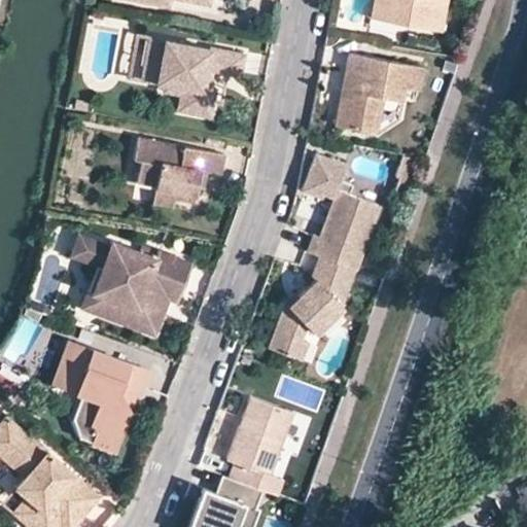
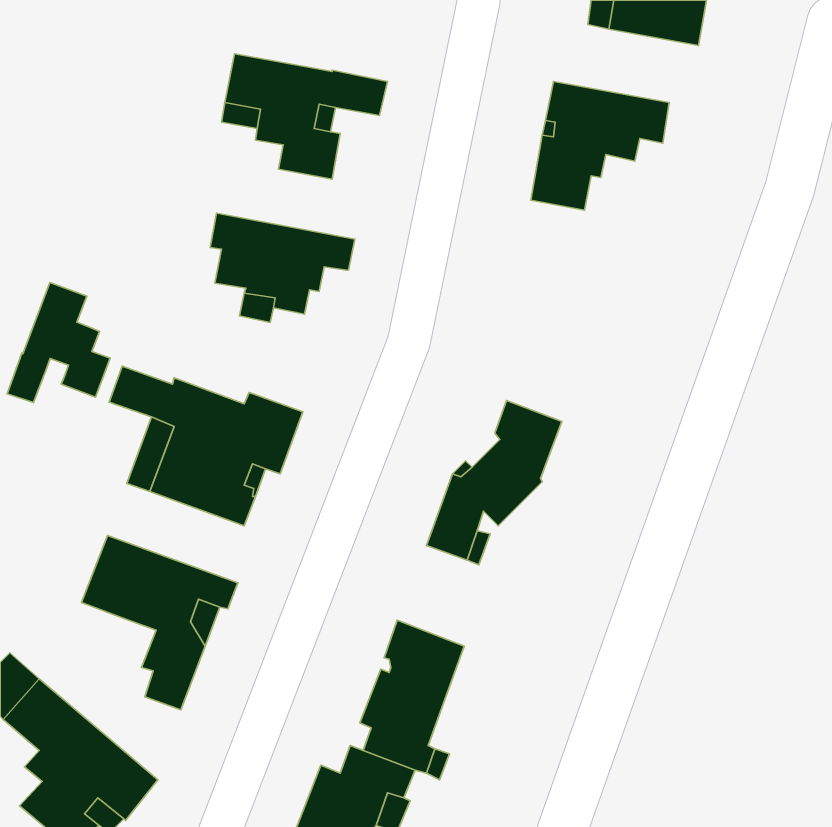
building: [303,154,380,270] -> none
building: none -> [7,283,110,402]
building: [72,395,99,444] -> none

